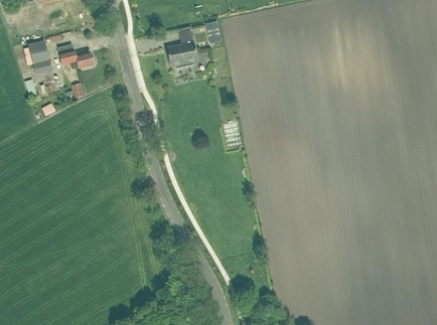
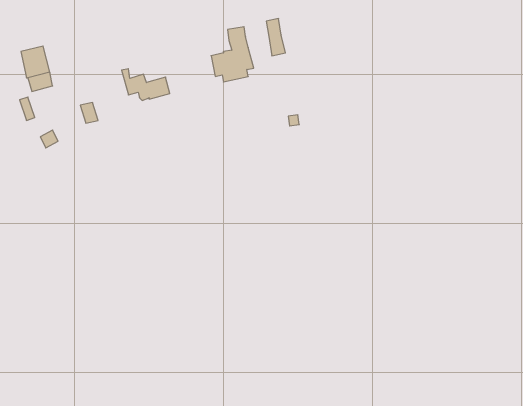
building: [58,46,94,69] -> [122,69,170,100]

